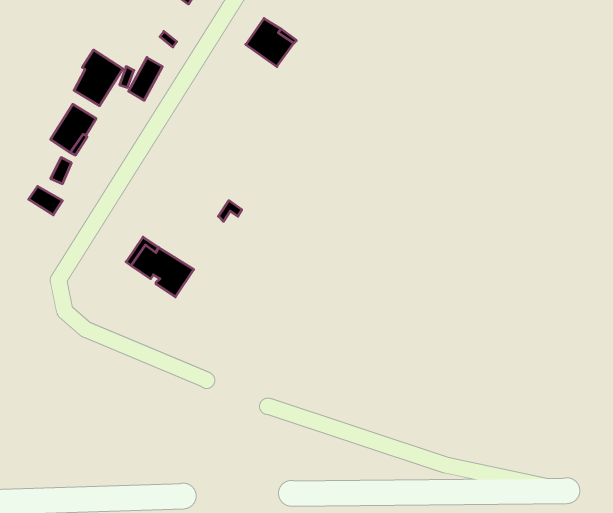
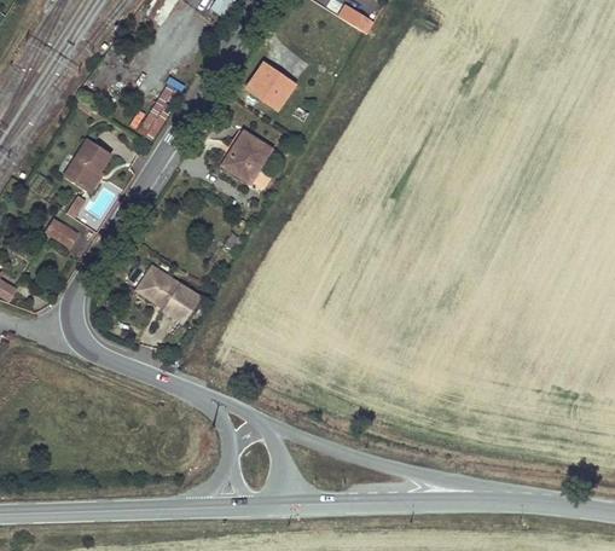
building: [74,50,123,106] -> none
building: none -> [222,130,271,181]

